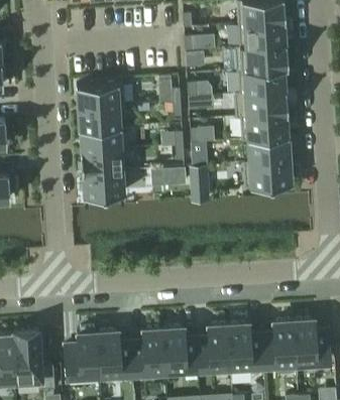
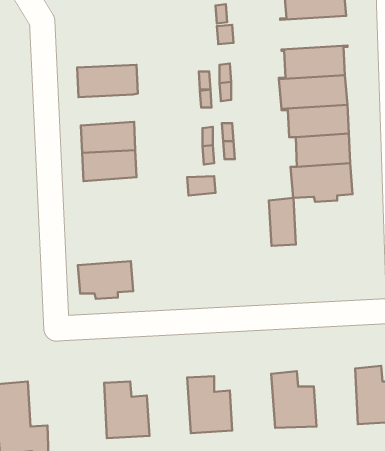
building: [235,45,288,72] -> none
building: [78,107,121,131] -> none
building: [189,166,210,204] -> [269,198,296,246]
building: [82,171,125,201] -> [78,261,133,299]
building: [261,320,296,366] -> none
building: [196,324,231,369] -> none
building: [131,327,165,373] -> none
building: [65,331,100,377] -> none

